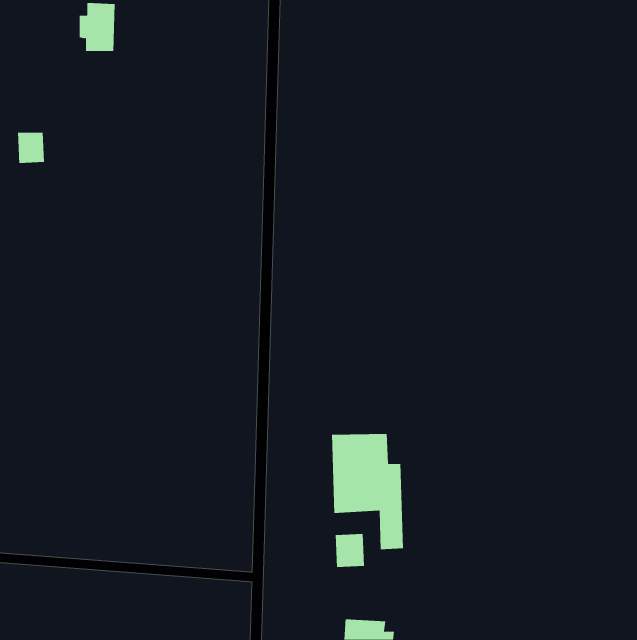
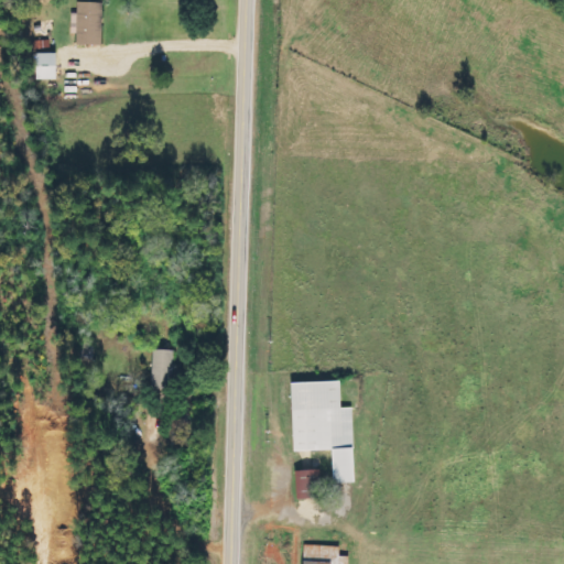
building: [17,132,45,164] -> [33,53,57,80]
building: none -> [150,349,172,390]

